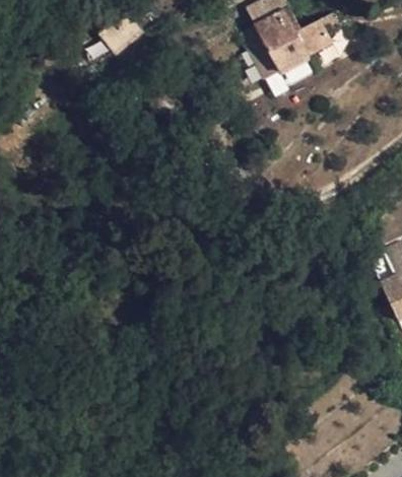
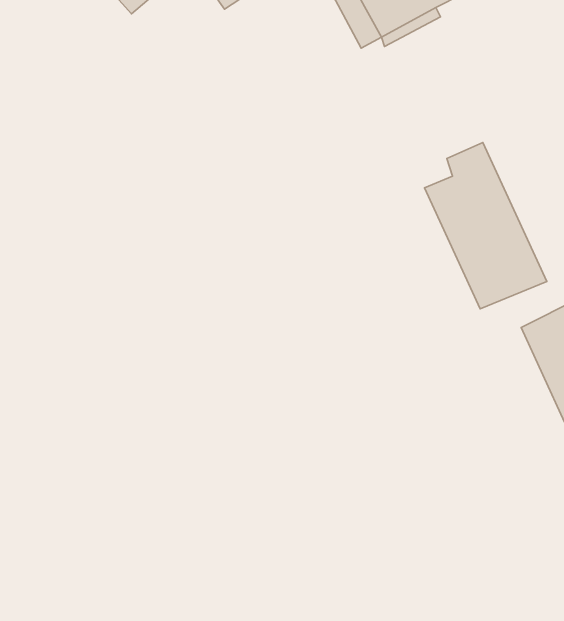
building: none -> [425,143,547,309]

